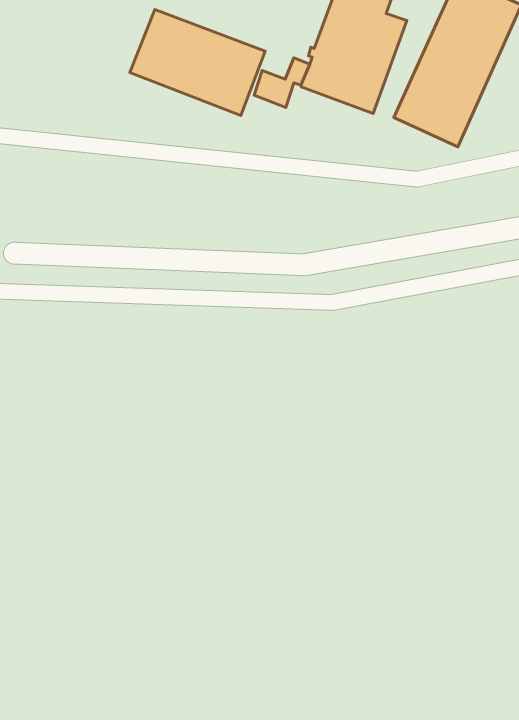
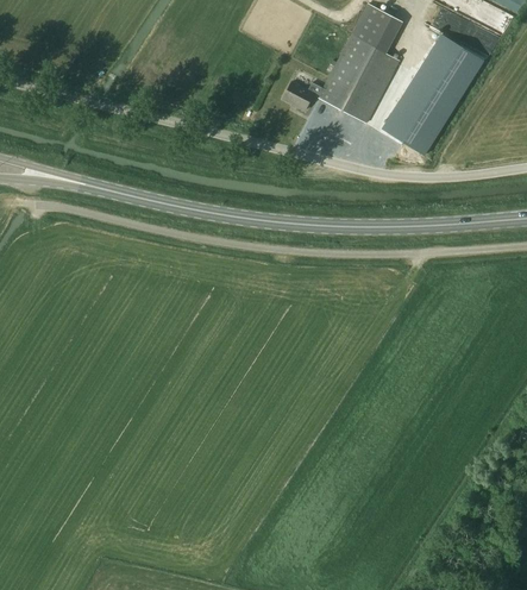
building: [130,9,265,116] -> none

